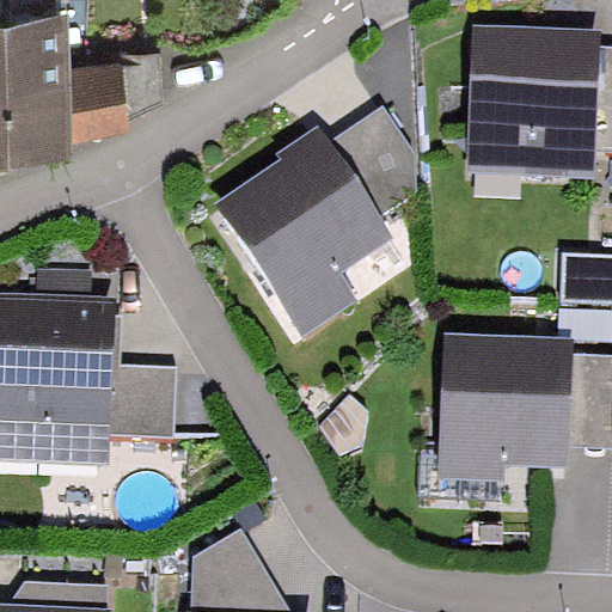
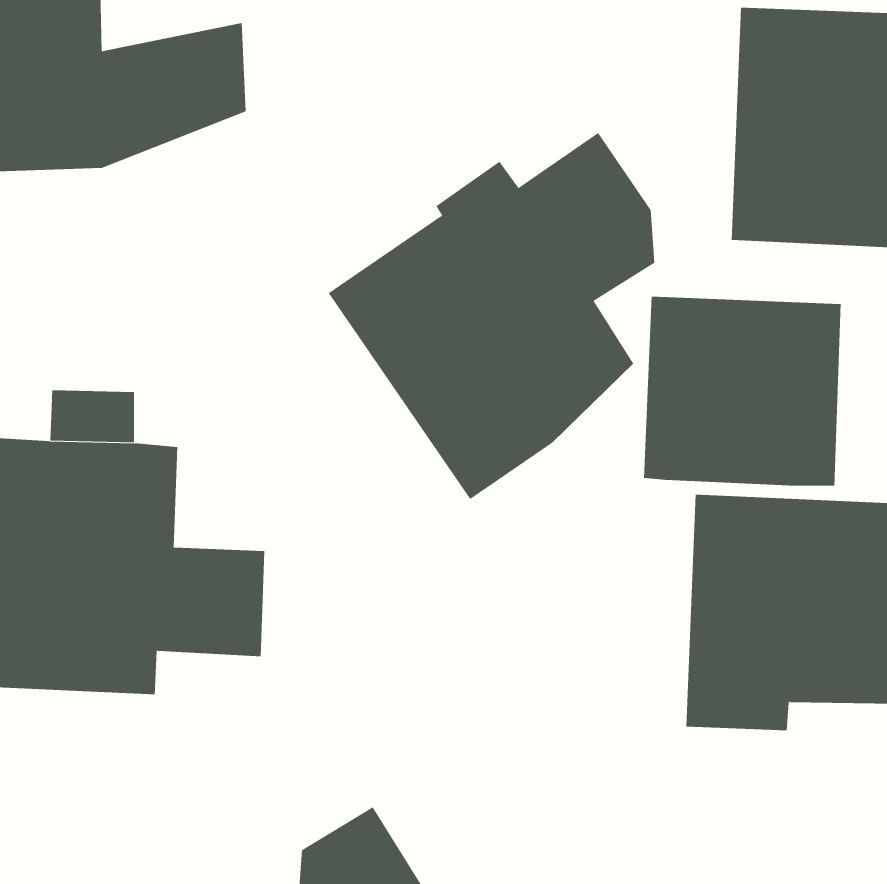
building: none -> [643,296,841,487]

